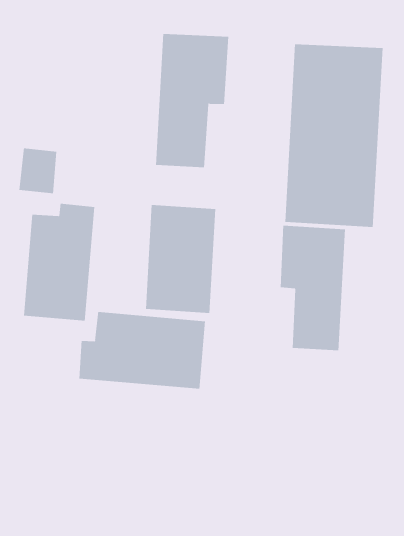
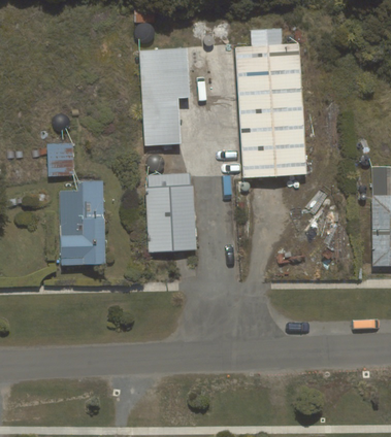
building: [280,225,346,351] -> none
building: [79,311,205,389] -> none

